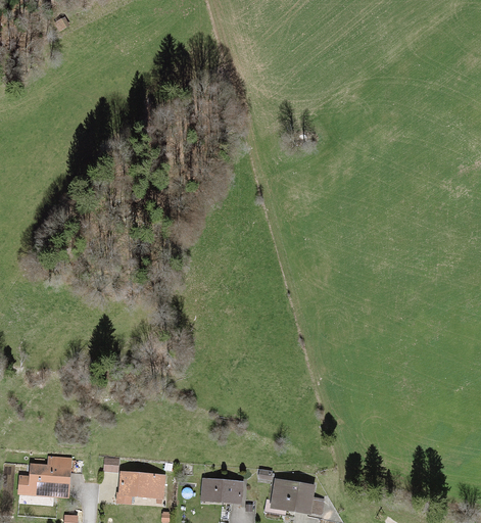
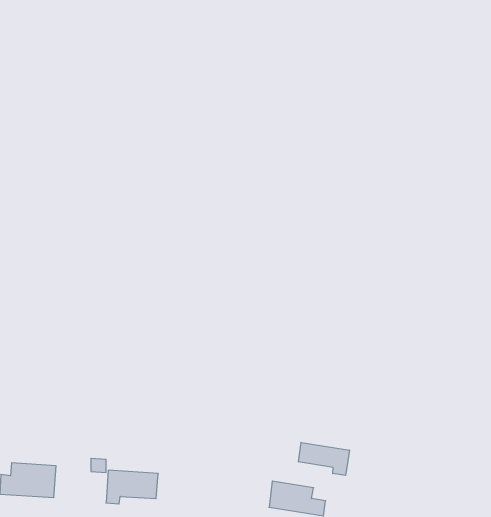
building: none -> [299,442,349,475]
building: [201,479,243,503] -> none

